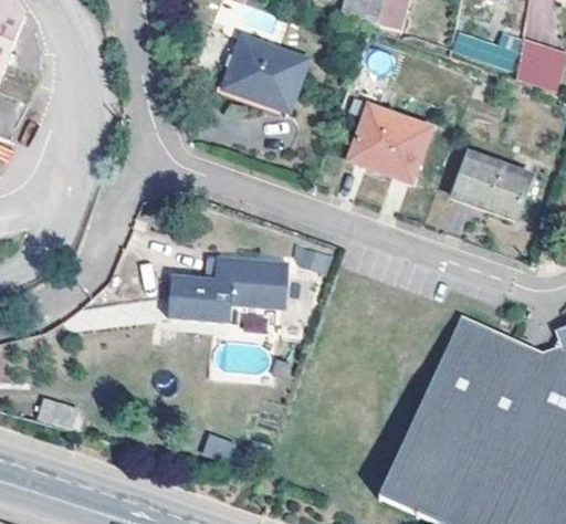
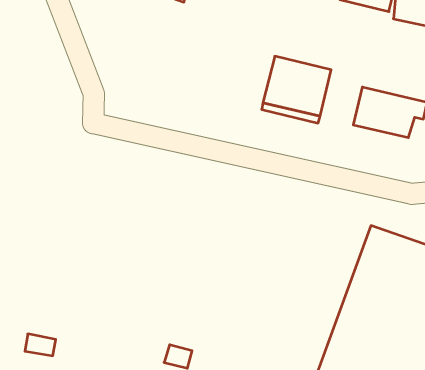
building: [229,36,308,108] -> none
building: [171,254,289,321] -> none

